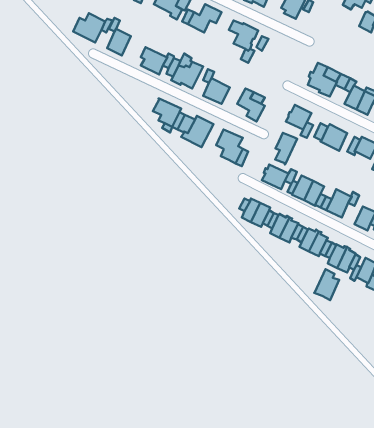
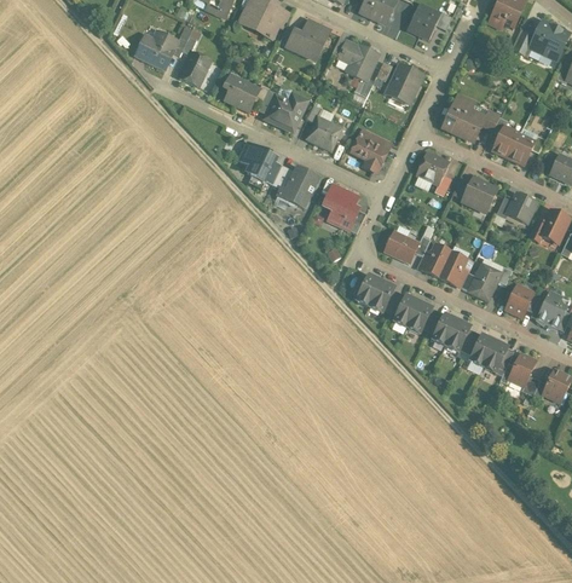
building: none -> [388,65,422,103]
building: [275,133,297,165] -> none
building: [314,269,339,300] -> none

